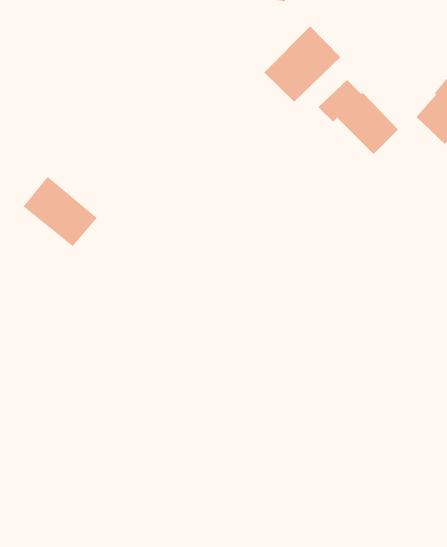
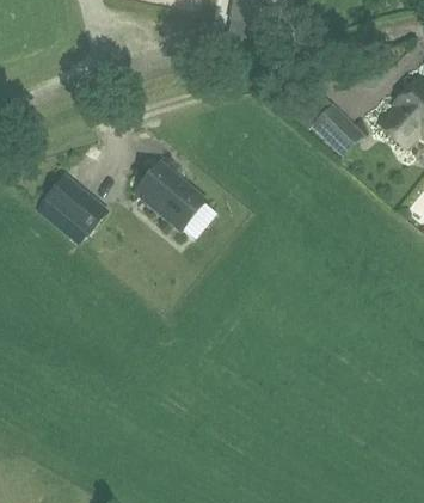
building: [263,26,341,102] -> none
building: none -> [131,157,208,232]

